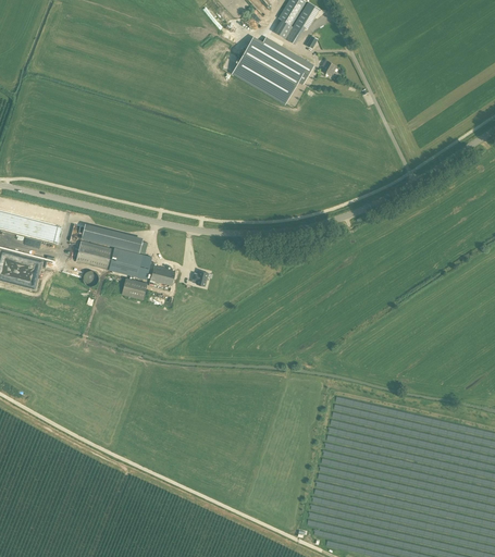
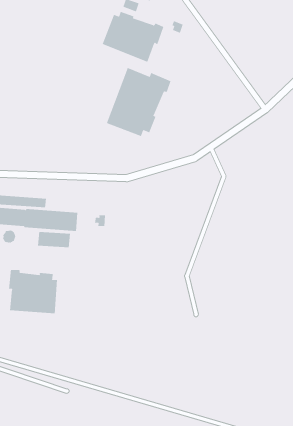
building: none -> [106,67,171,137]
building: none -> [8,269,58,314]

